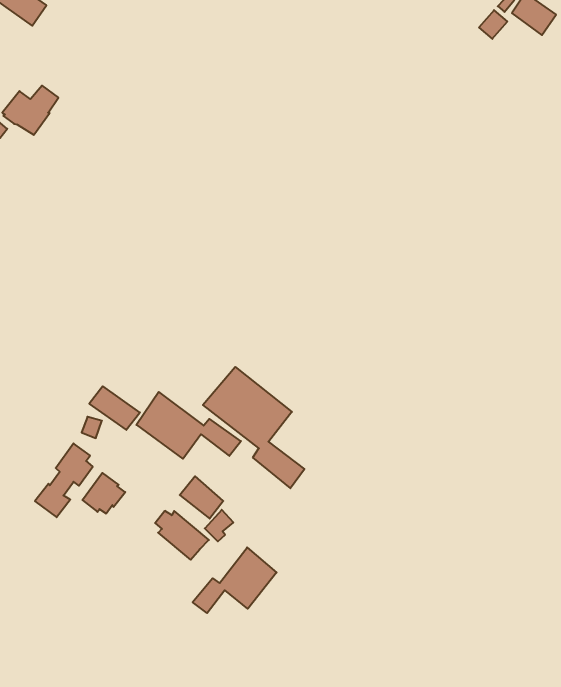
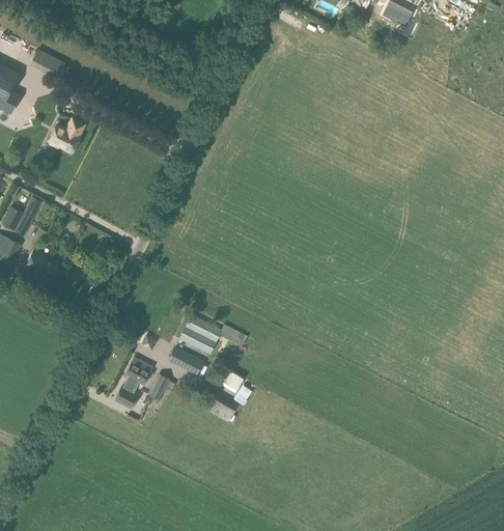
building: [203,367,304,488] -> none
building: [89,386,140,430] -> [168,347,203,374]
building: [193,547,277,613] -> none

